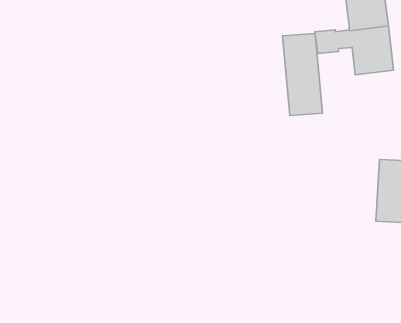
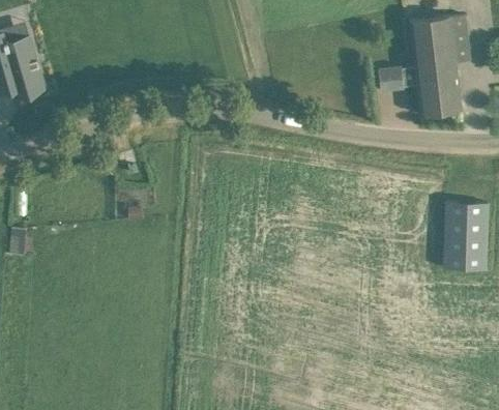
building: [282,33,323,115] -> none

